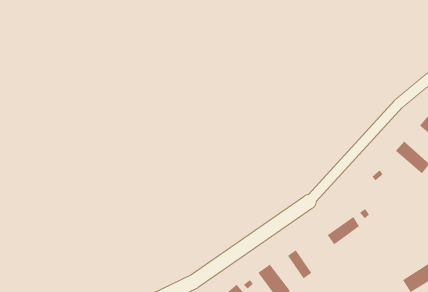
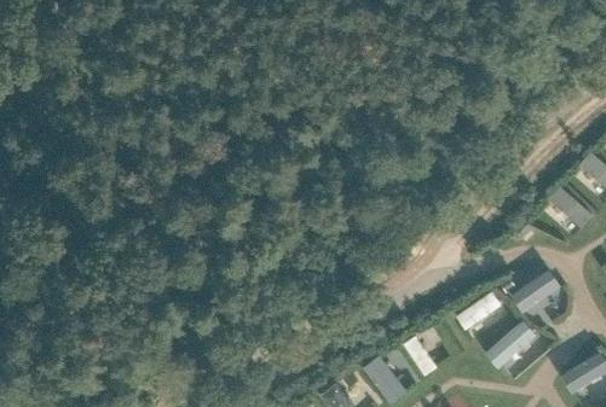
building: none -> [510,268,561,313]
building: none -> [485,320,537,368]

